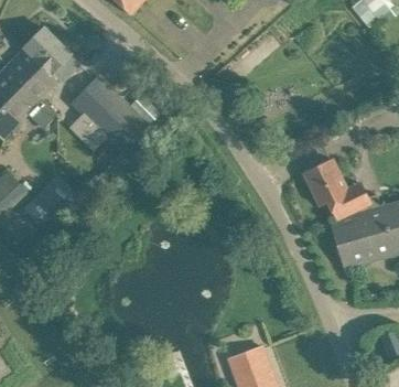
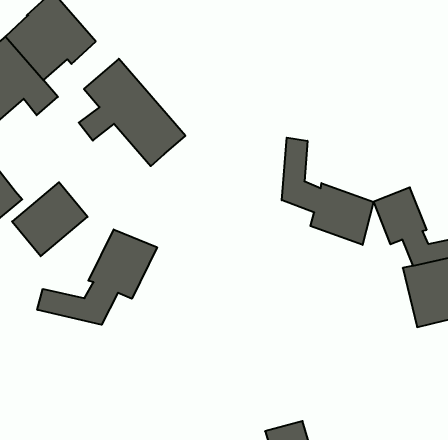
building: none -> [282,138,373,245]
building: none -> [37,229,157,325]

